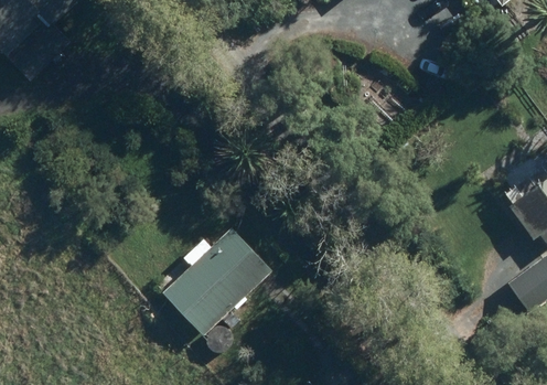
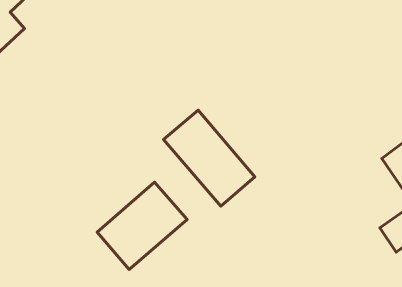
building: none -> [163,110,255,206]

